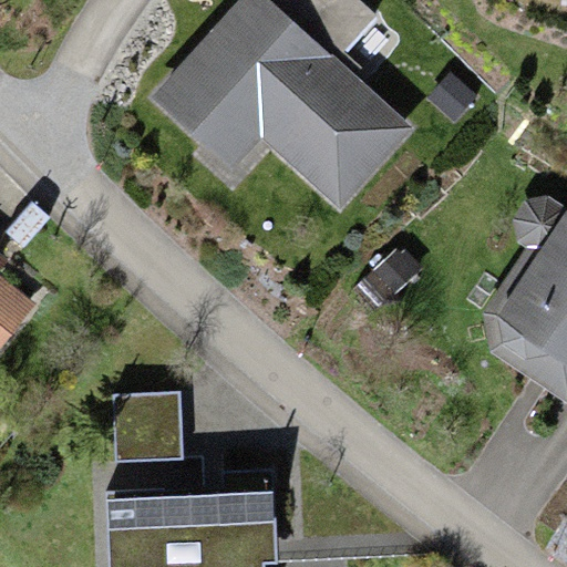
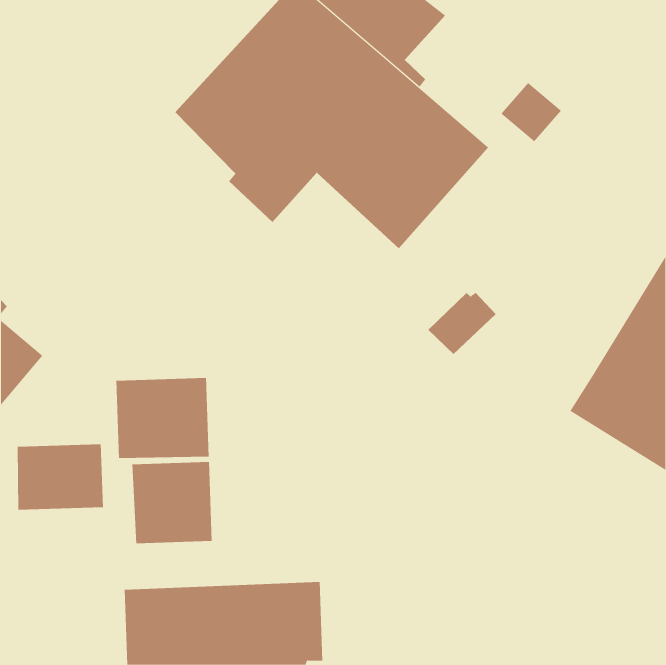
building: none -> [116,377,209,459]
building: none -> [17,443,103,511]

